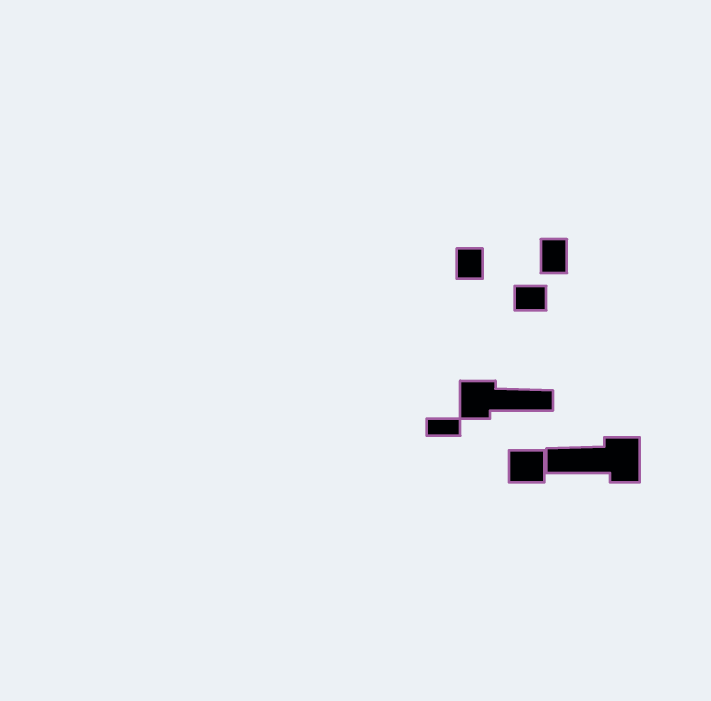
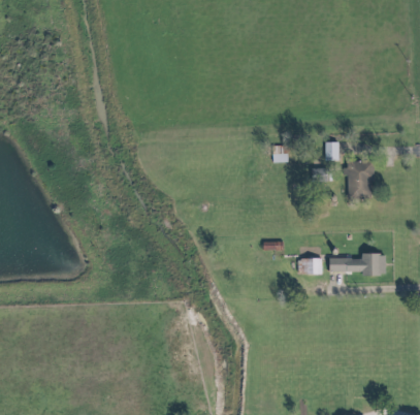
building: none -> [341,162,373,198]
building: [460,381,553,419] -> none

